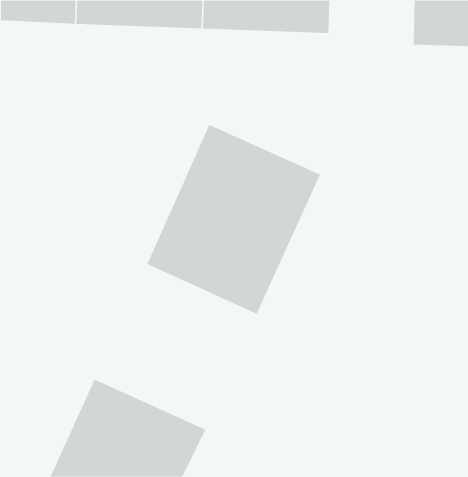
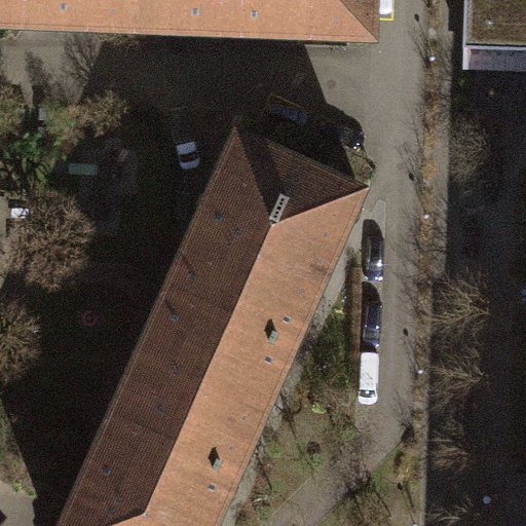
building: none -> [113,291,293,473]

